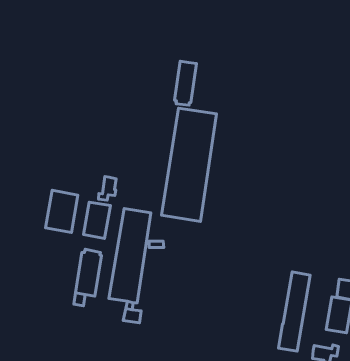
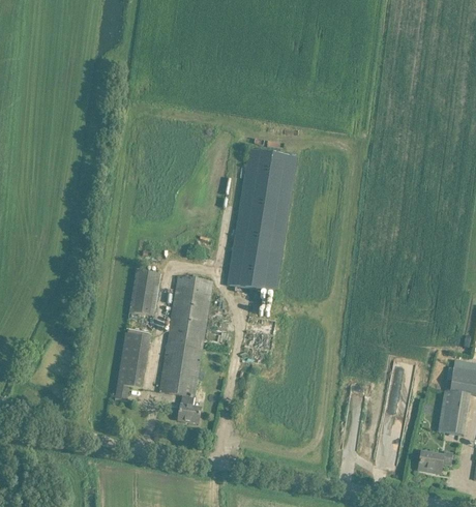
building: [174,61,197,105] -> none
building: [99,177,116,200] -> none
building: [46,190,78,233] -> none

